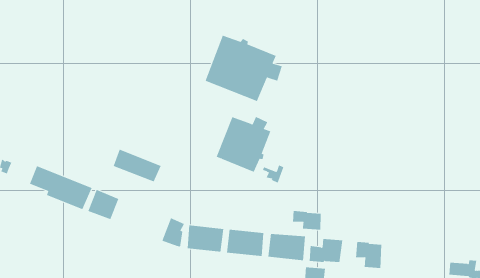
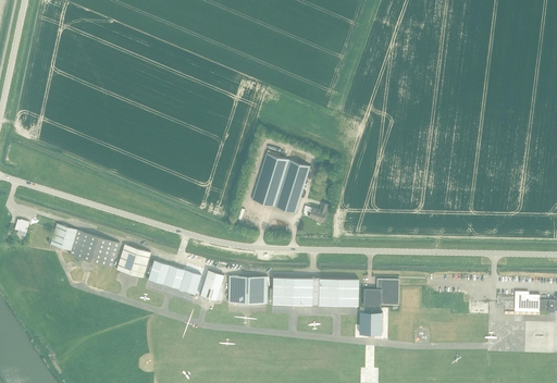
building: [205,35,283,102] -> none
building: [113,149,161,182] -> [147,260,200,294]
building: [292,210,321,231] -> none
building: [355,241,382,269] -> none

